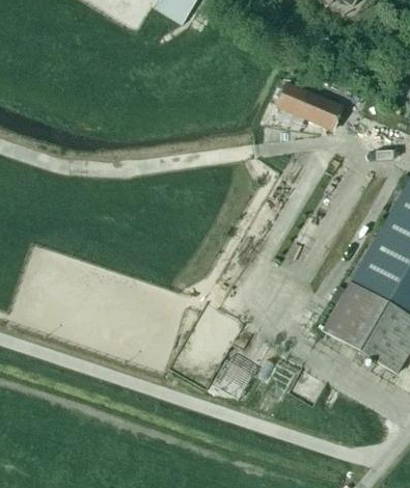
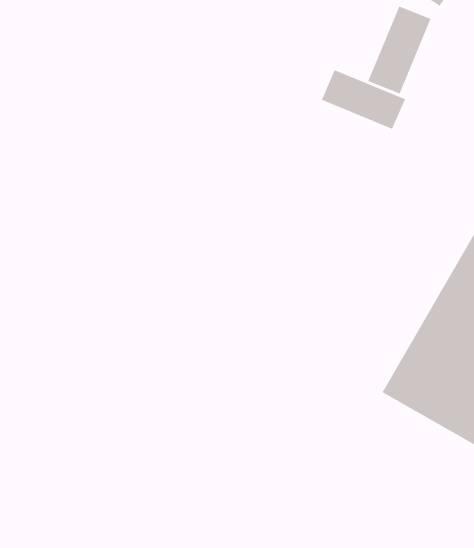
building: none -> [367,5,432,94]

